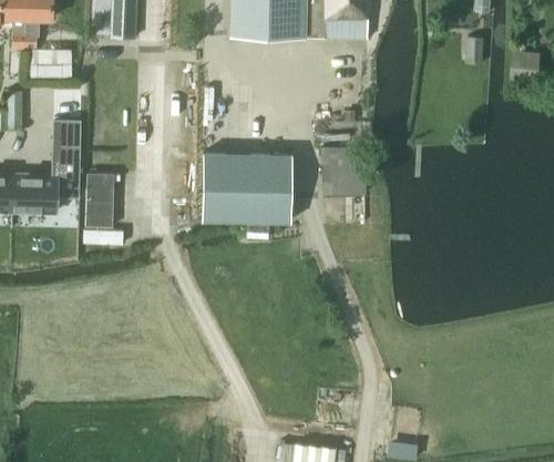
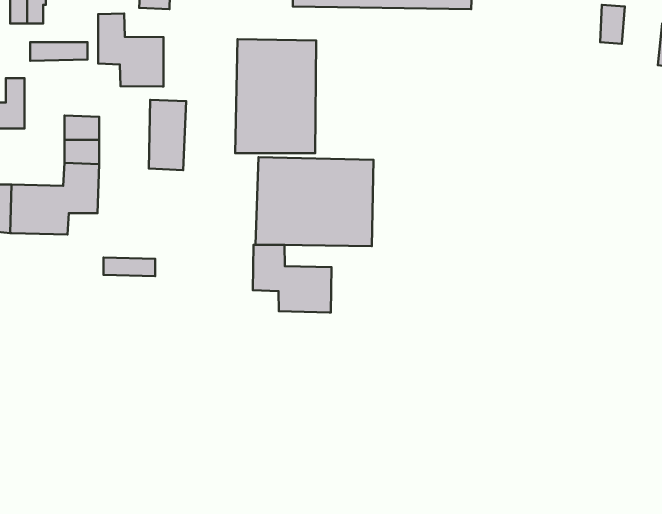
building: none -> [98,14,164,87]
building: none -> [235,39,316,153]
building: [85,173,114,227] -> [149,100,186,170]
building: none -> [253,245,332,312]

